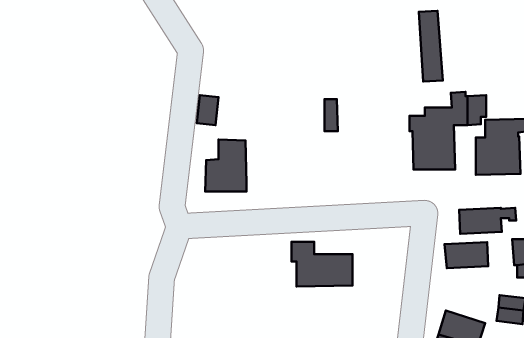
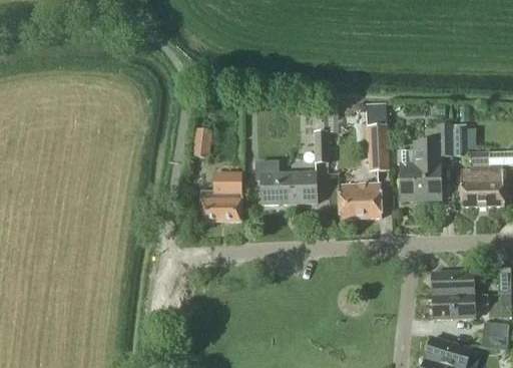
building: [419,11,443,81] -> [367,102,390,170]
building: none -> [340,182,383,218]
building: [459,208,516,234] -> [434,293,489,318]
building: [291,242,353,286] -> [258,160,317,204]

